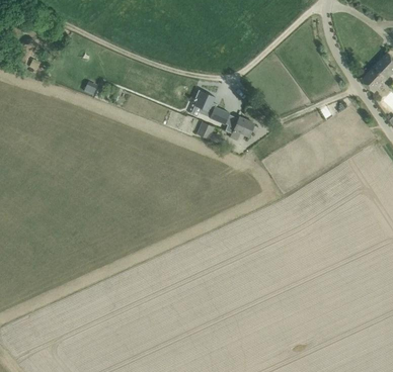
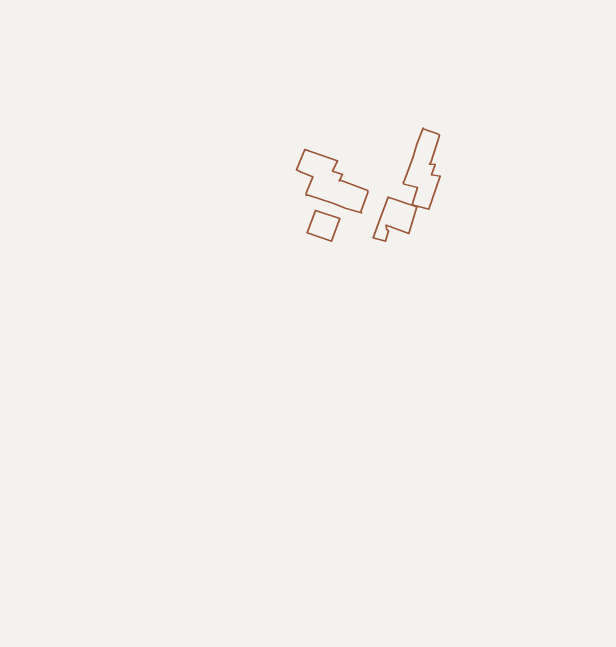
building: none -> [403,128,440,209]

